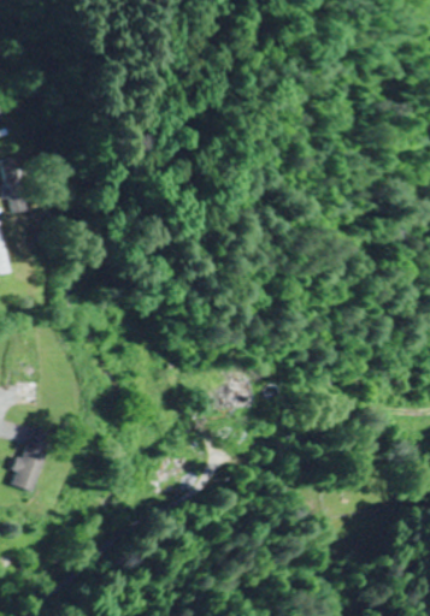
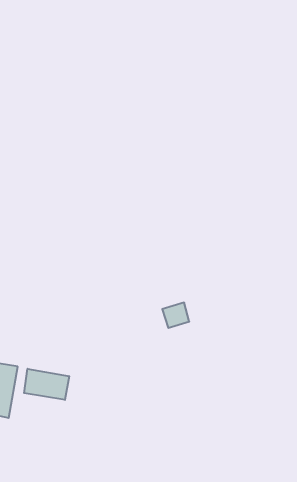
building: none -> [24,369,69,400]

